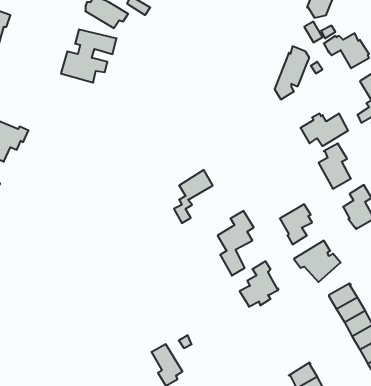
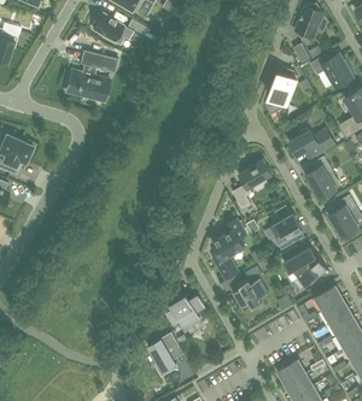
building: [174,170,213,223] -> [234,160,270,210]
building: none -> [167,294,203,326]

